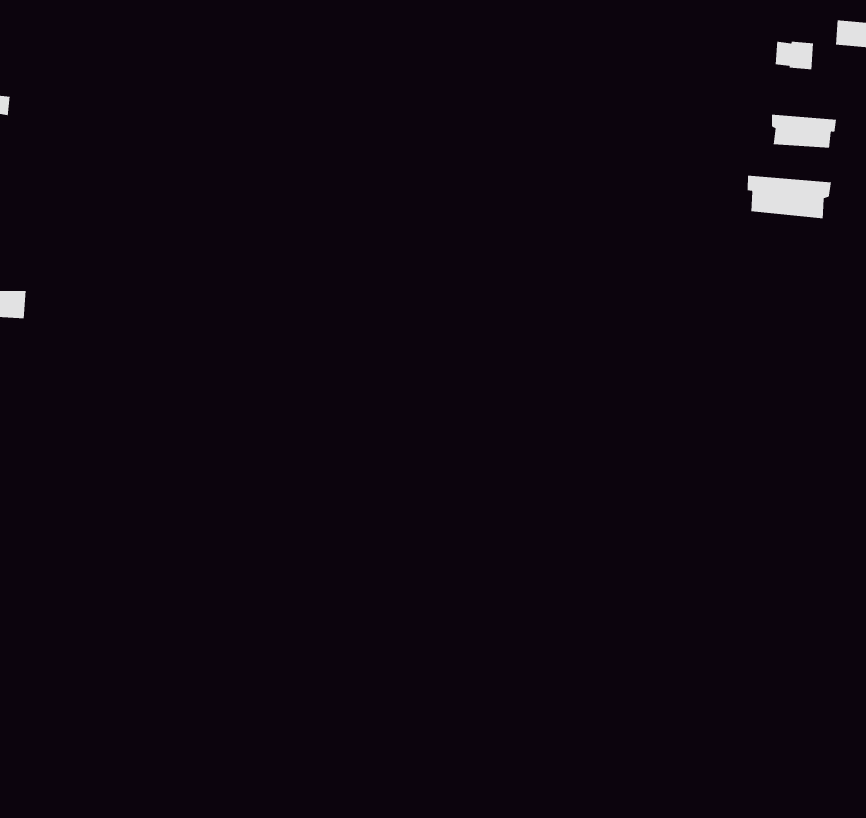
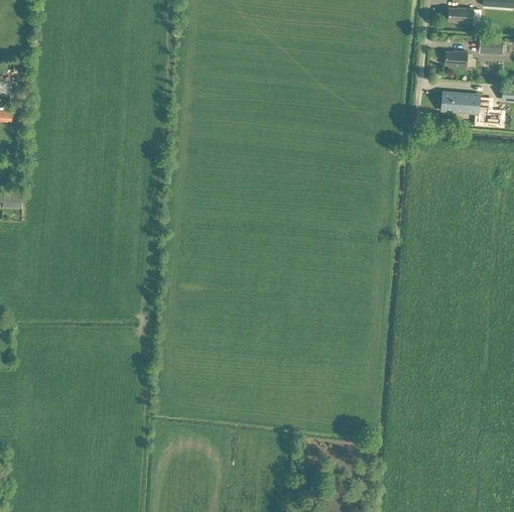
building: [747,175,832,219] -> none

